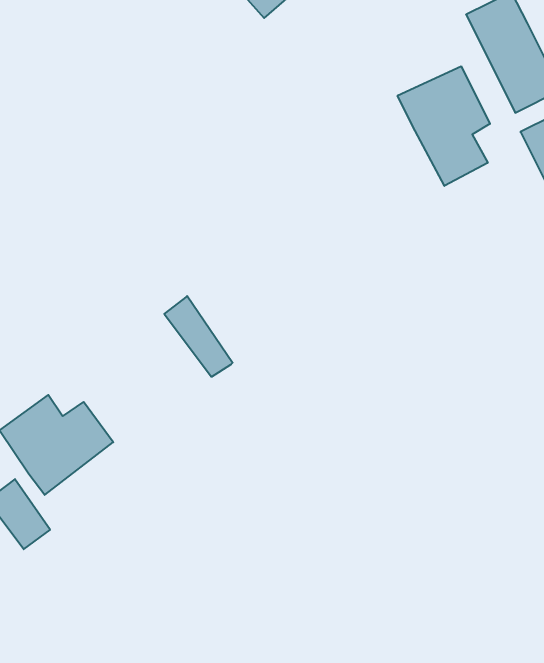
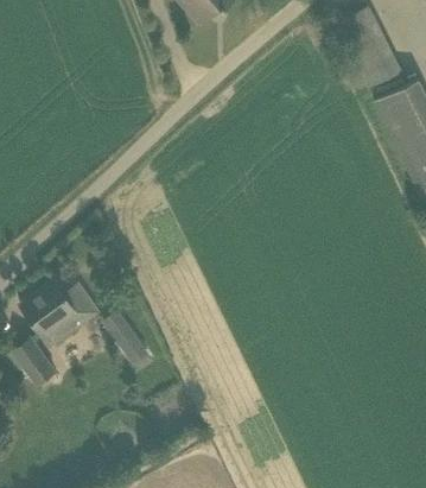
building: [398,66,490,186] -> none
building: [164,296,233,377] -> [102,310,148,365]

